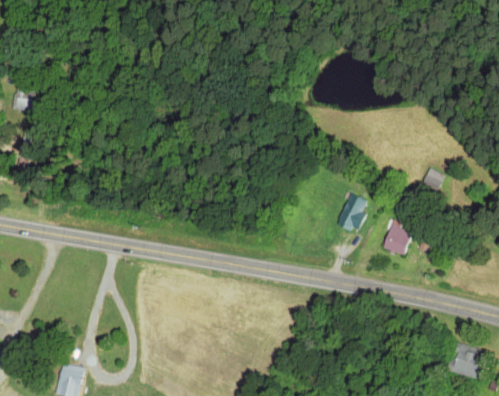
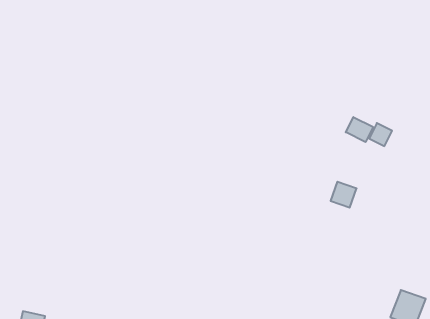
building: none -> [346,117,373,142]
building: [340,194,369,232] -> none

